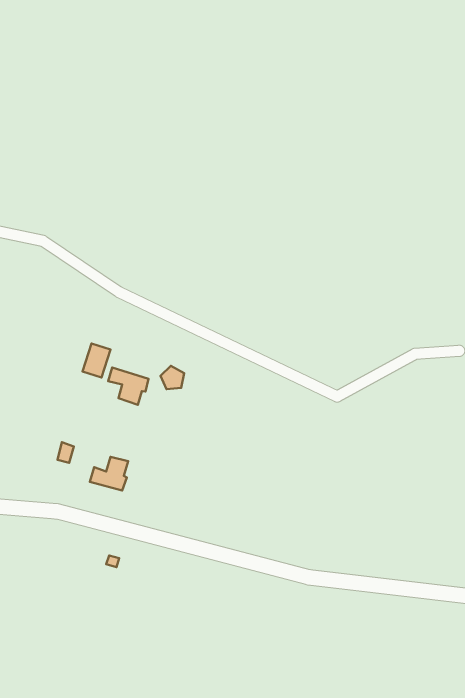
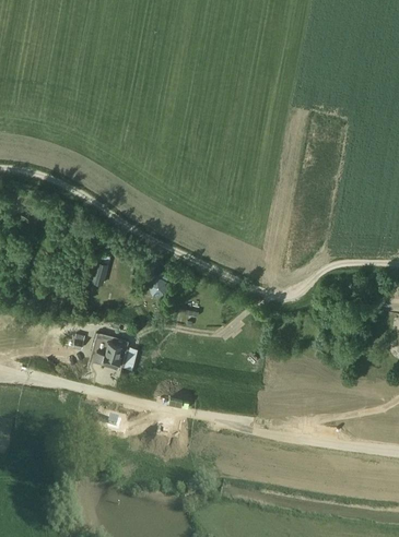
building: [108,367,149,405] -> none

